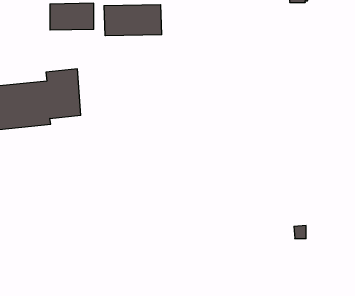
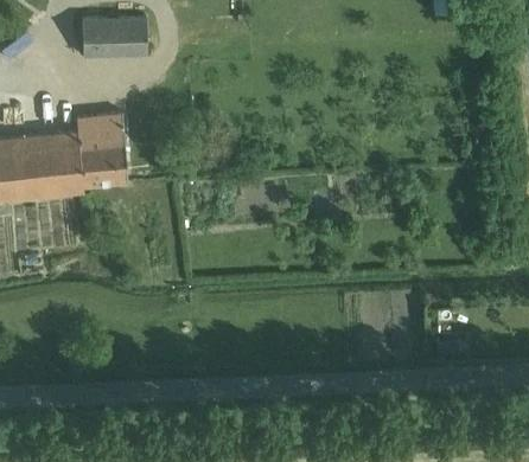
building: [104,5,162,36] -> none

